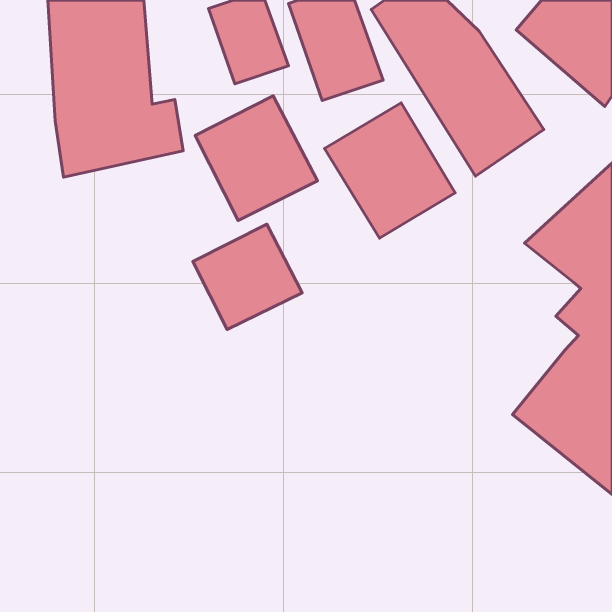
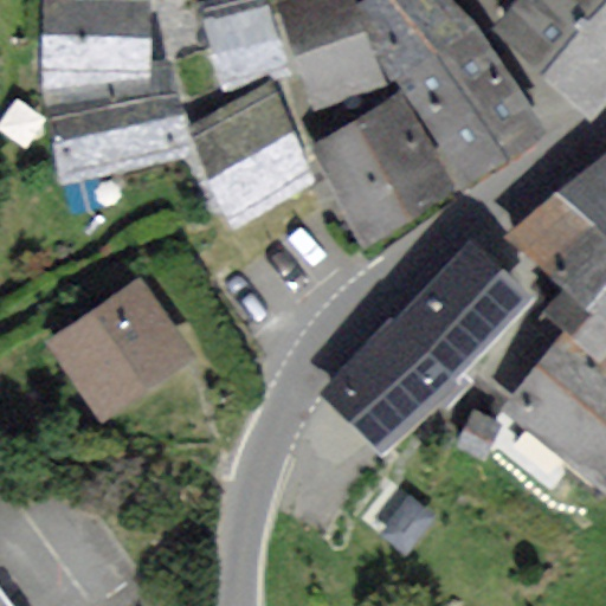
building: [193,224,302,330] -> none
building: none -> [333,245,522,439]
building: none -> [58,286,185,407]

